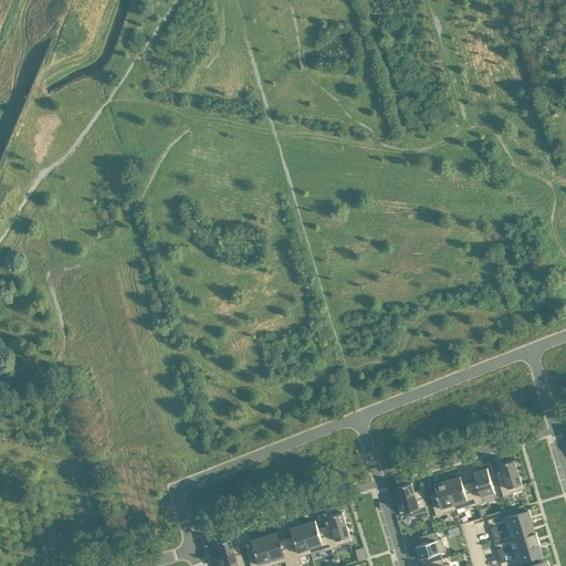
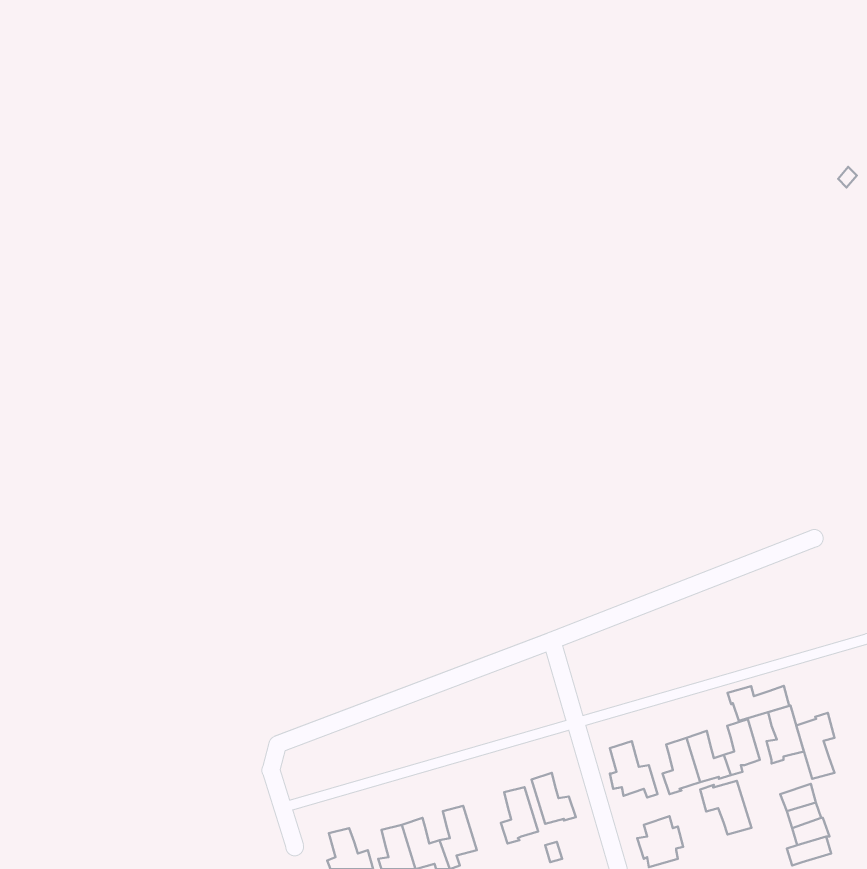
building: none -> [727,686,789,721]
building: none -> [796,713,835,779]
building: none -> [700,781,751,835]
building: [301,518,329,552] -> [531,773,576,824]

